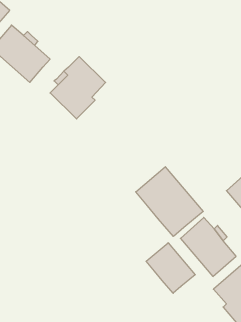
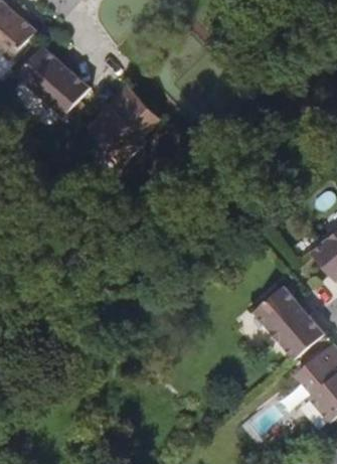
building: [136,167,203,236] -> none
building: [146,243,195,293] -> none

